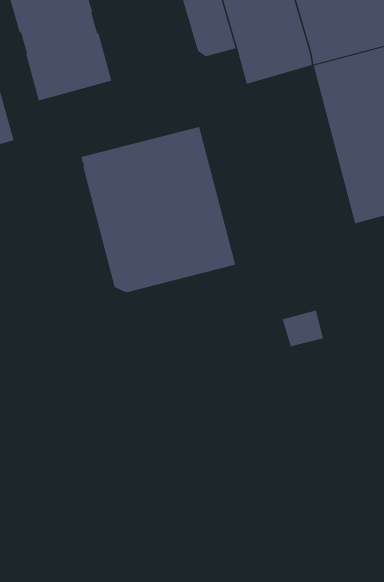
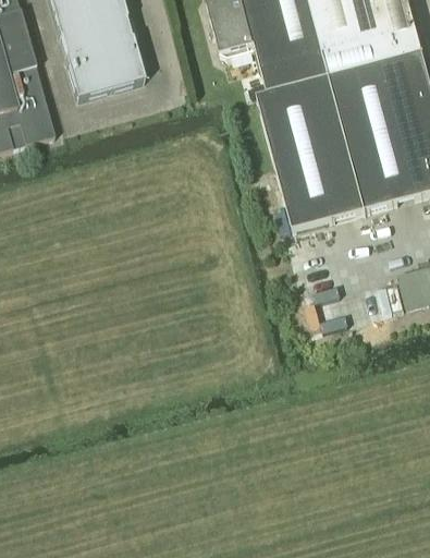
building: none -> [256,63,364,227]
building: [80,126,236,293] -> none

